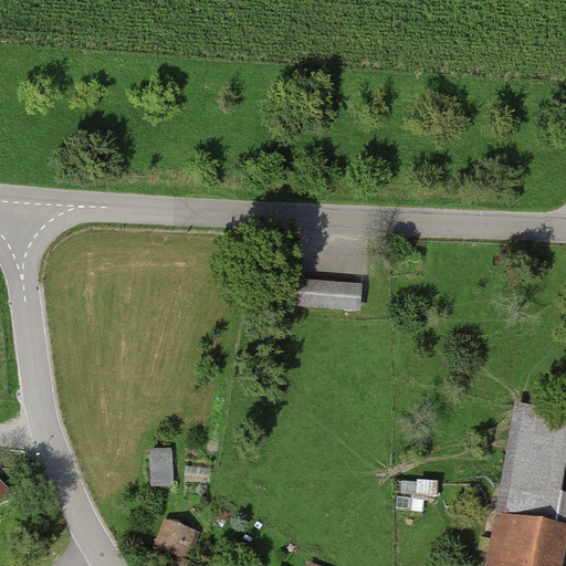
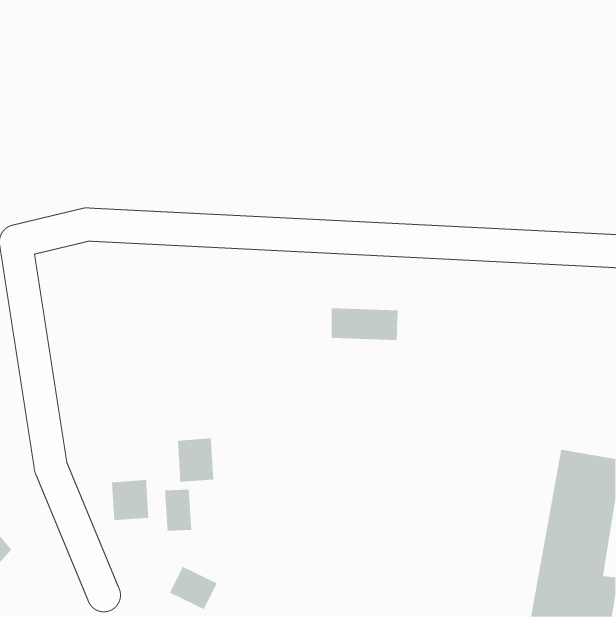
building: none -> [177,438,214,482]
building: none -> [112,479,149,521]

